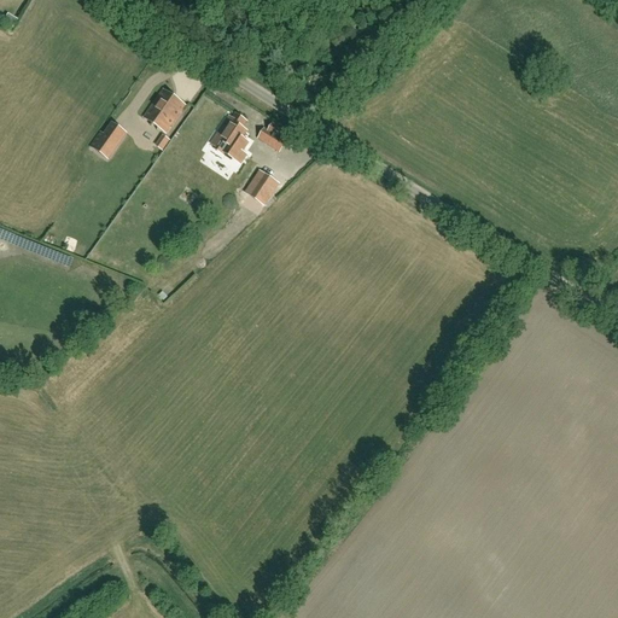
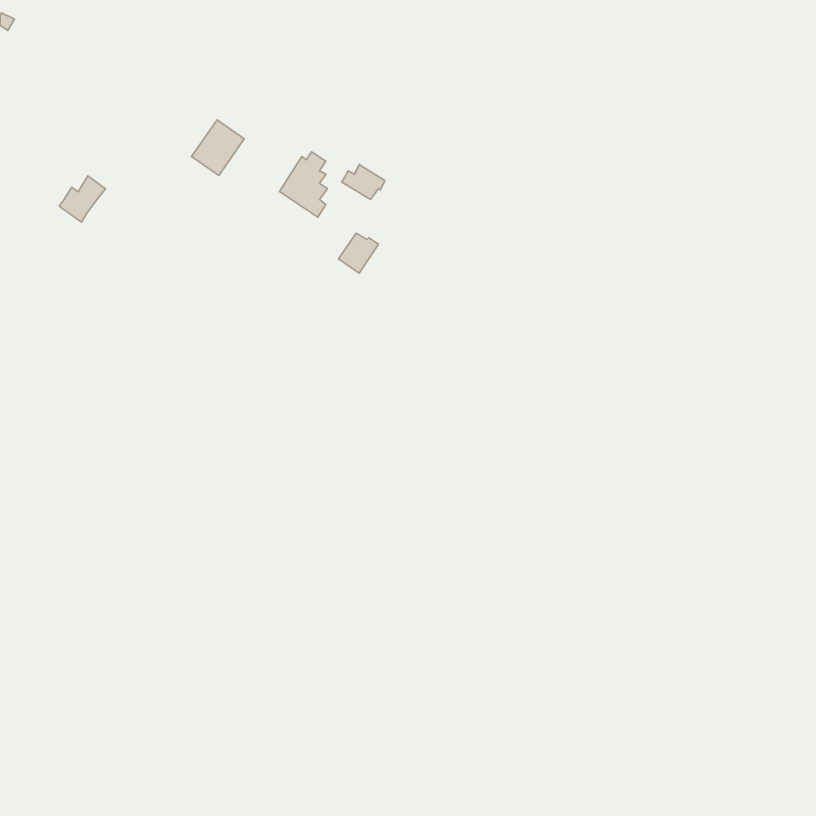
building: [91,124,126,159] -> [59,176,105,222]

